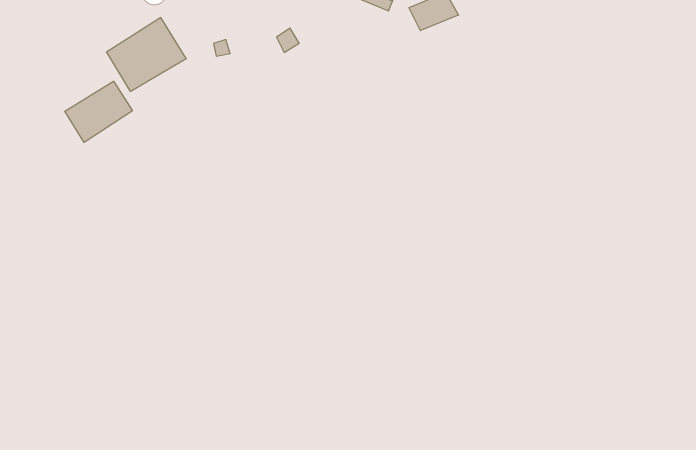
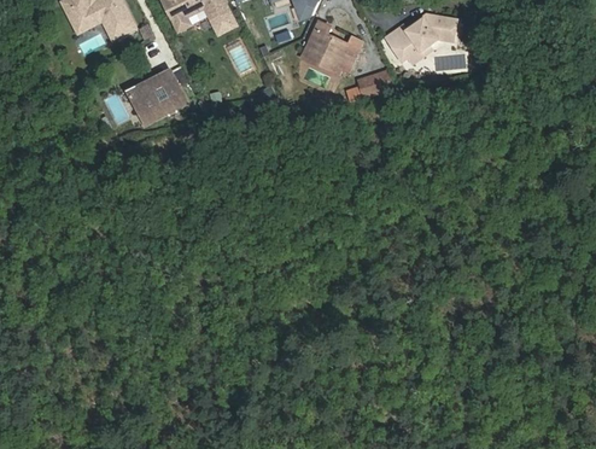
building: [65,81,132,142] -> none

